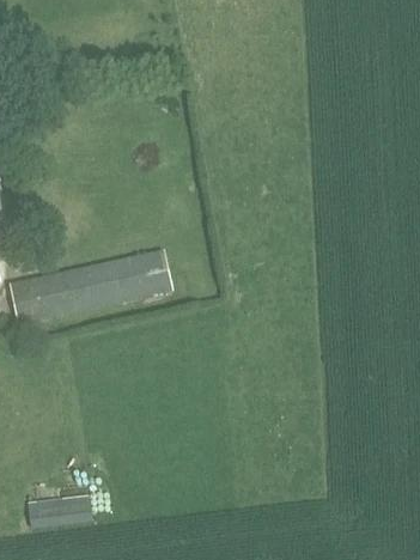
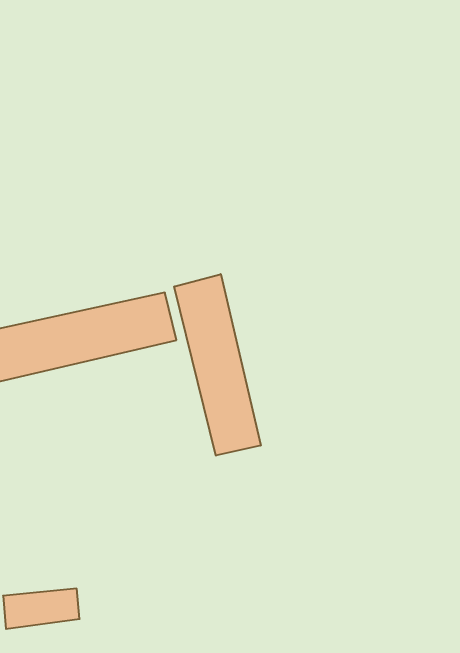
building: none -> [174,274,261,456]

